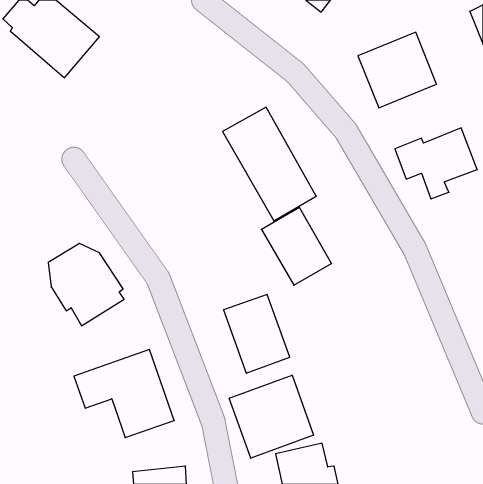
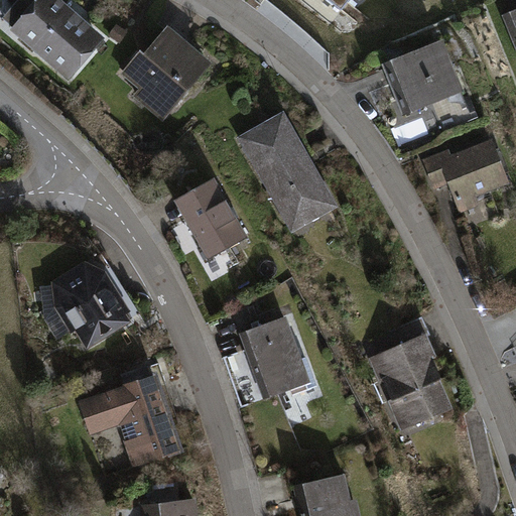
building: none -> [120,29,211,124]
building: [261,208,332,285] -> [173,181,248,264]
building: none -> [367,332,454,429]
building: [229,375,314,458] -> none

